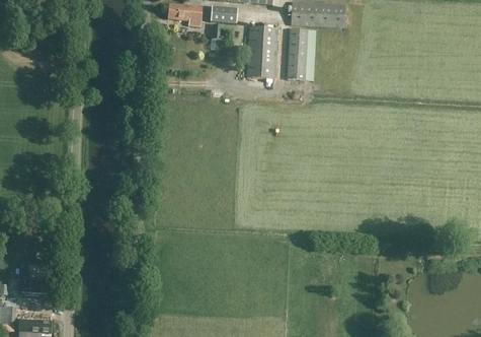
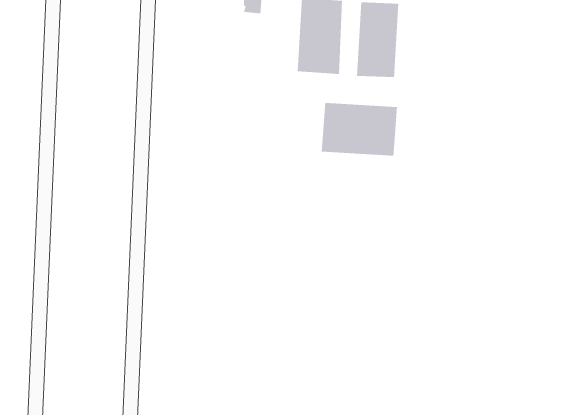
building: none -> [321,102,398,156]

